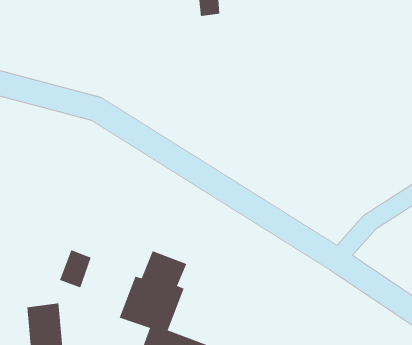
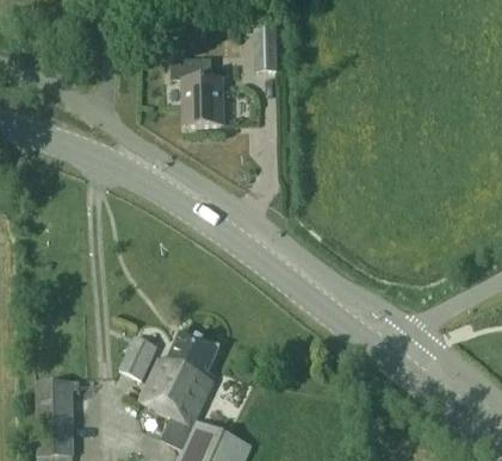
building: none -> [172,58,224,125]
building: [59,249,91,288] -> [119,335,157,379]

